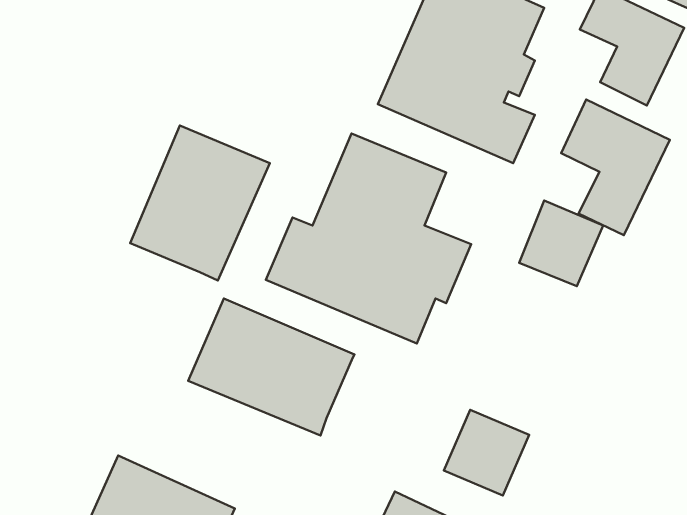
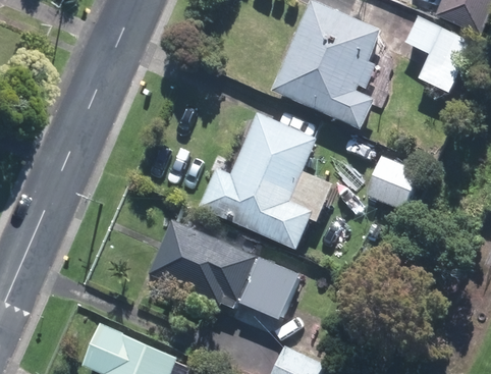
building: [561,100,670,235] -> none
building: [130,125,270,281] -> none
building: [444,410,529,495] -> [238,258,294,314]

